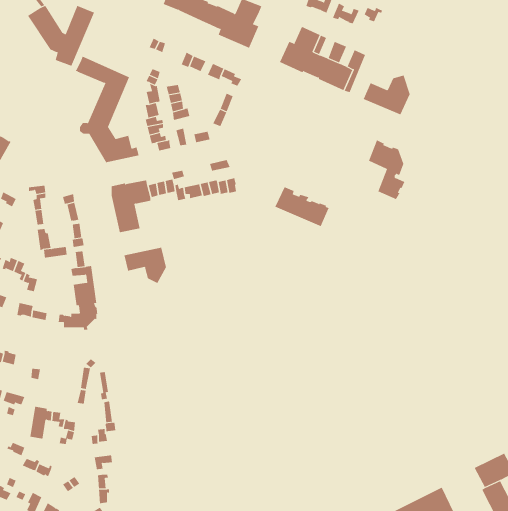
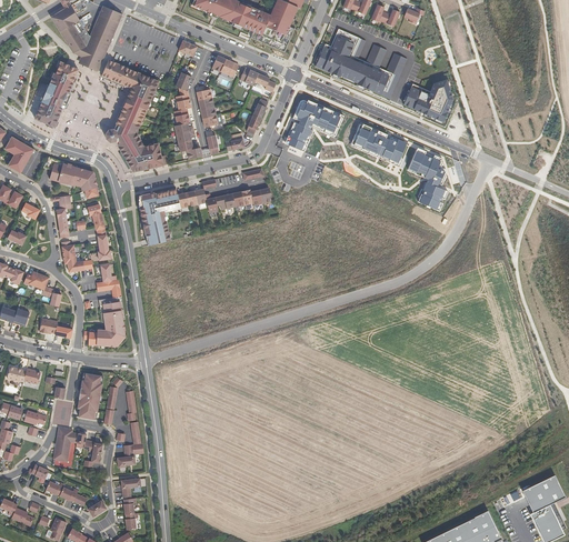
building: none -> [33,62,77,127]
building: none -> [283,99,342,151]
building: none -> [42,155,98,198]
building: [274,187,330,227] -> [350,122,408,164]
building: [124,247,167,284] -> none
building: none -> [77,372,101,419]

